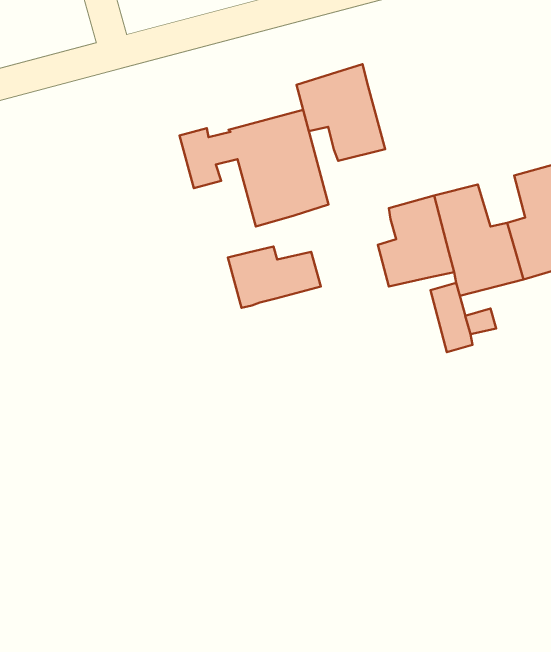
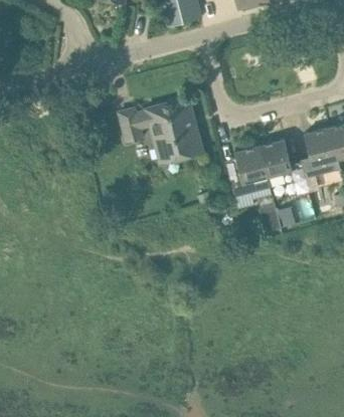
building: [296,64,385,161] -> none
building: [228,247,321,308] -> none

